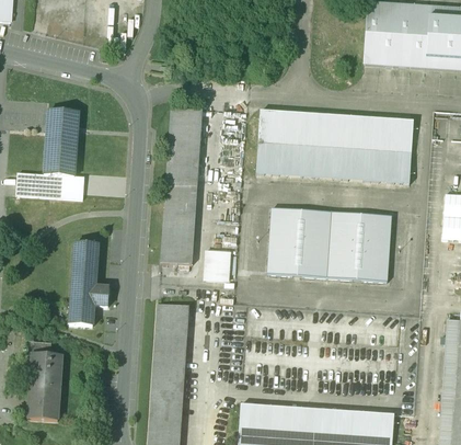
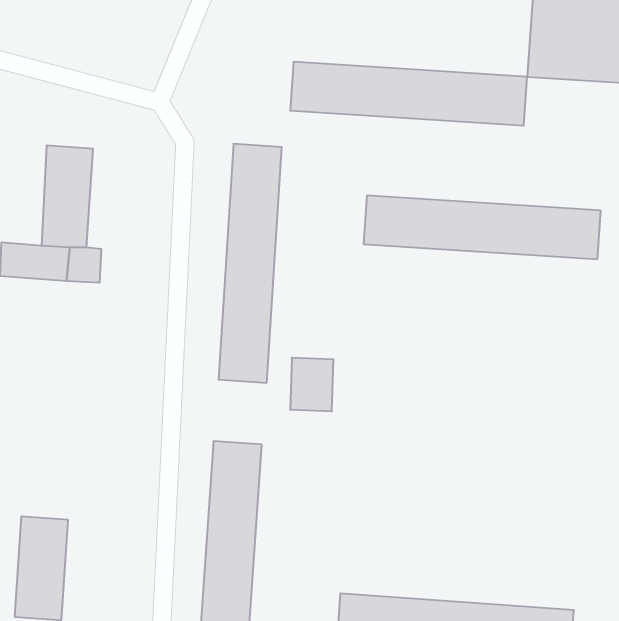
building: [257,110,413,151] -> [290,62,527,125]
building: [266,208,391,281] -> none
building: [69,241,108,324] -> none

